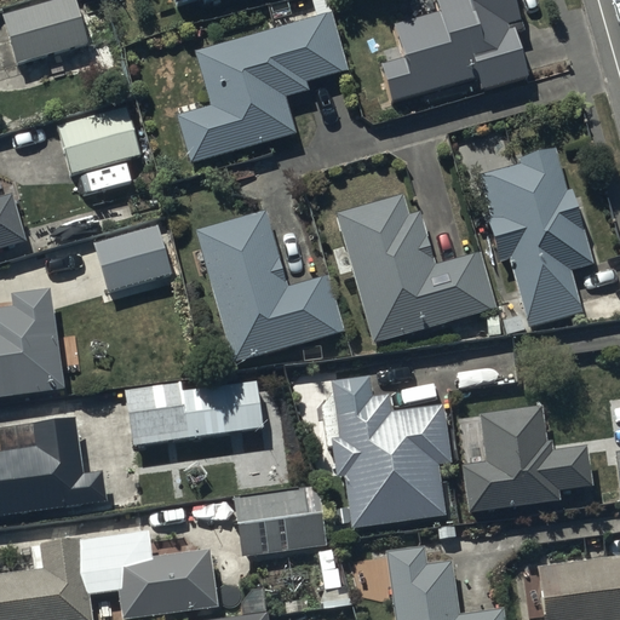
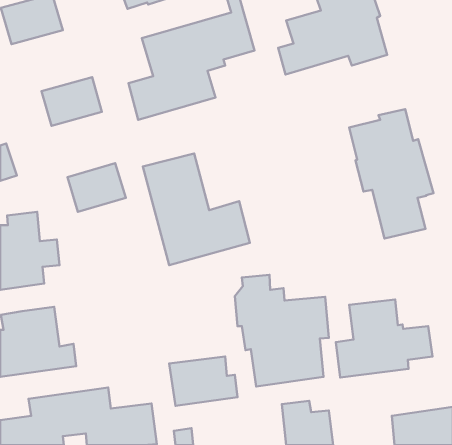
building: [335,194,496,343] -> none
building: [124,380,263,444] -> none

